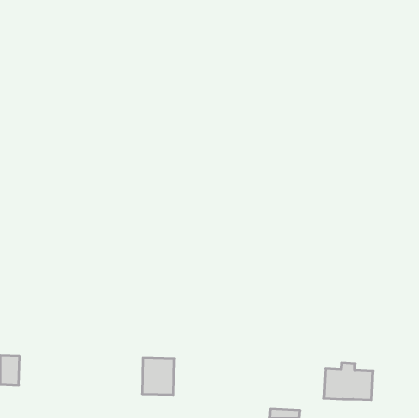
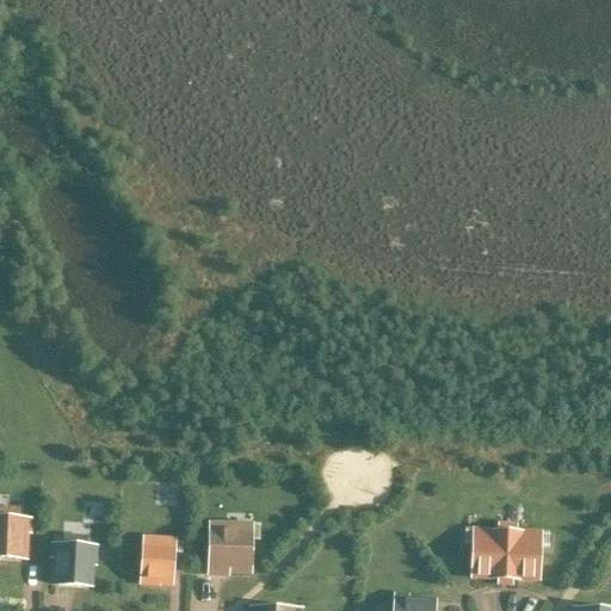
building: none -> [141,533,177,579]
building: none -> [53,542,97,586]

